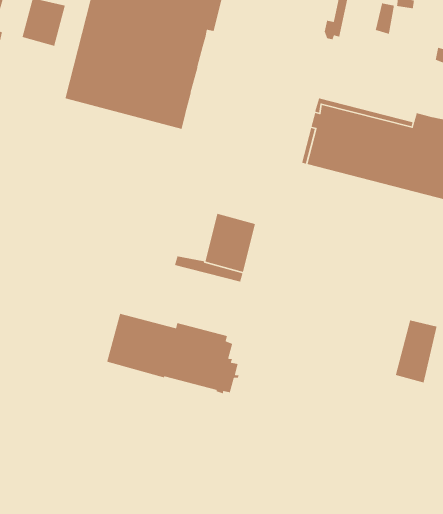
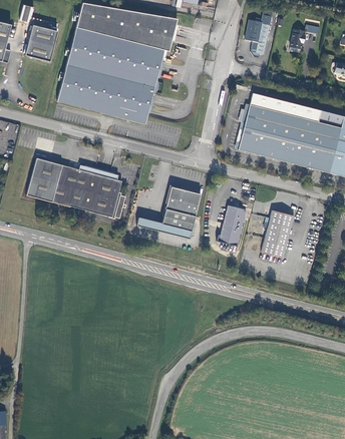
building: none -> [218,204,246,246]
building: [106,313,240,394] -> [26,157,126,218]
building: [395,319,438,384] -> [261,209,293,258]

